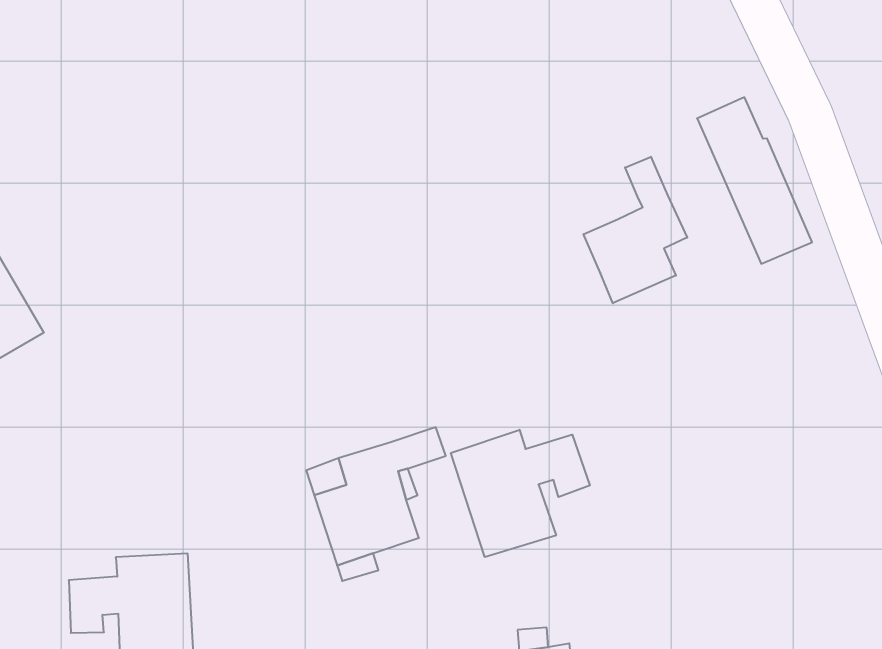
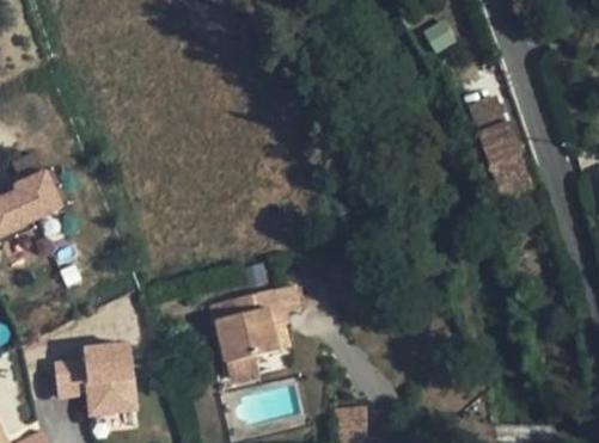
building: [584,157,687,303] -> none
building: [451,430,590,557] -> none

